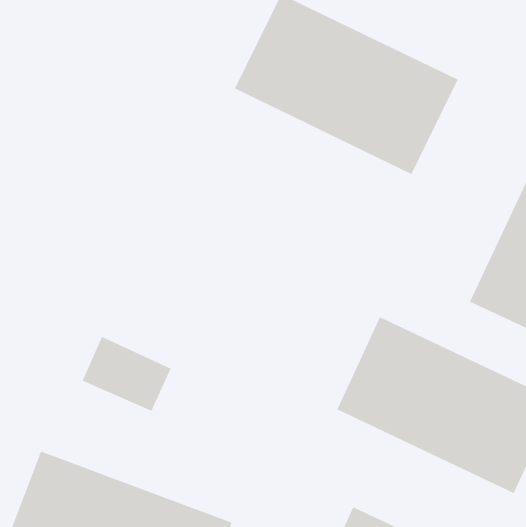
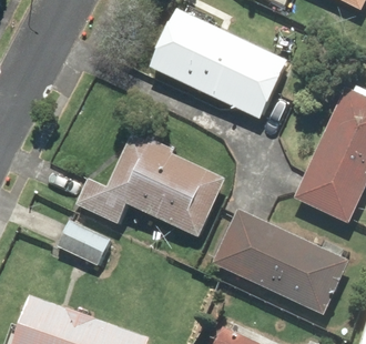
building: none -> [72,136,226,234]

